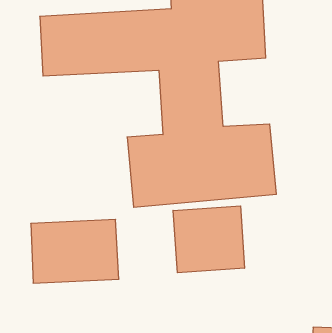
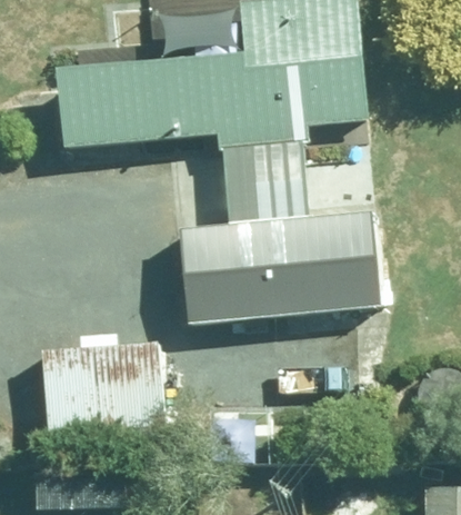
building: [173,206,244,273] -> none

